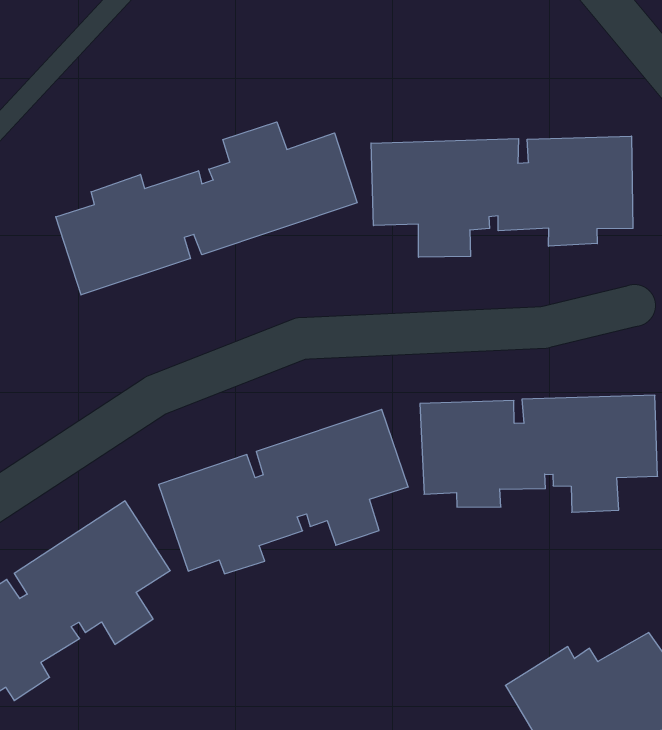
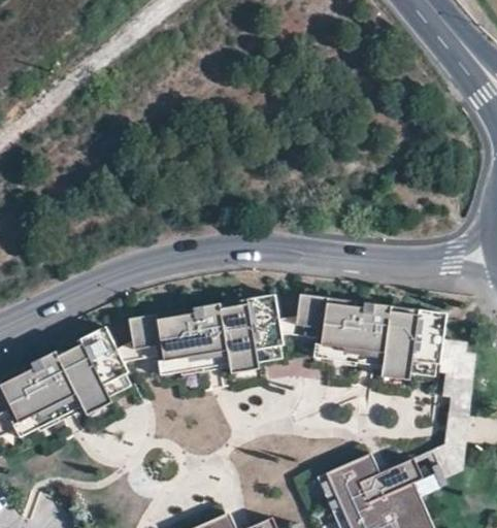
building: [56,122,357,295] -> none
building: [371,136,633,257] -> none

